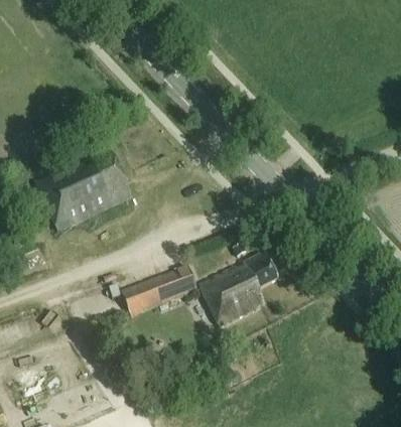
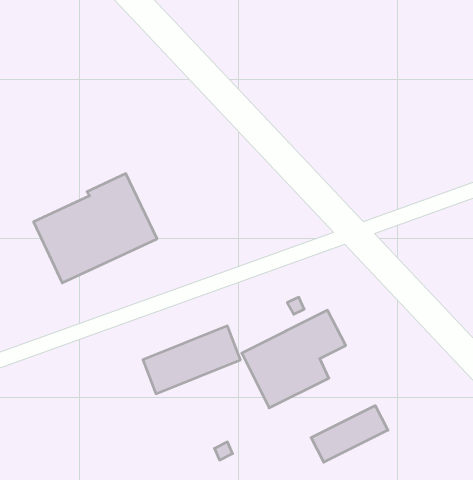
building: none -> [311,406,388,462]

